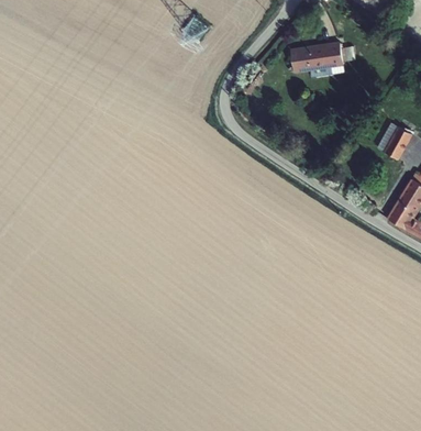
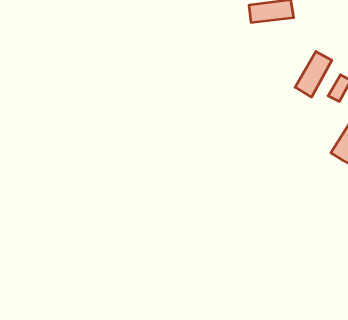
building: none -> [295,51,332,97]

